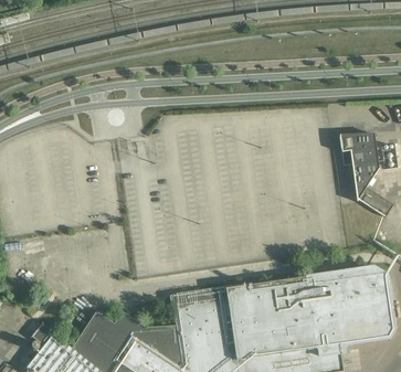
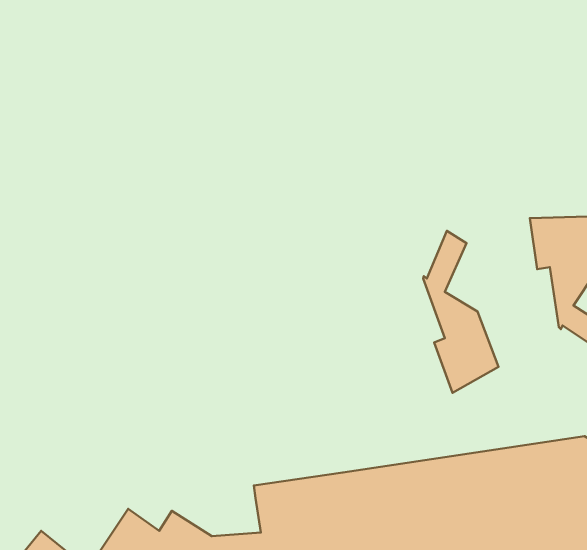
building: none -> [423,231,499,393]

